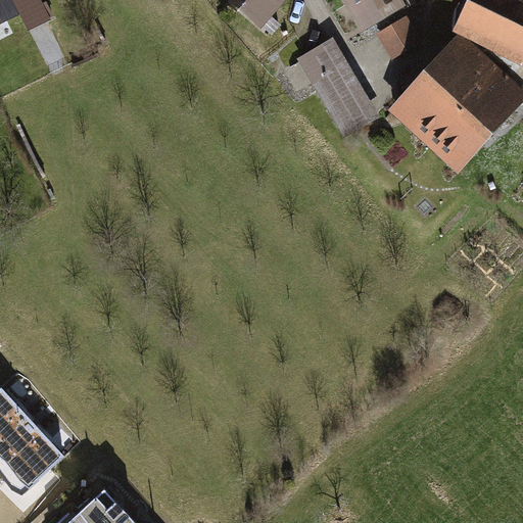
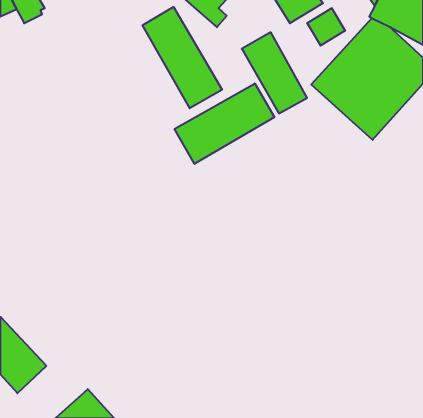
building: none -> [143,7,222,108]
building: none -> [175,83,274,164]

